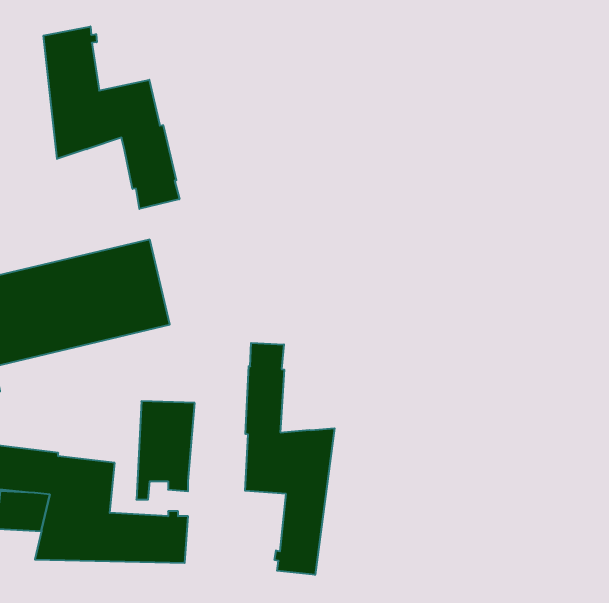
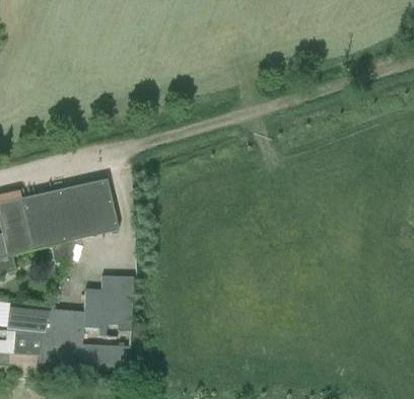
building: [44,26,179,209] -> none
building: [245,343,335,575] -> none

